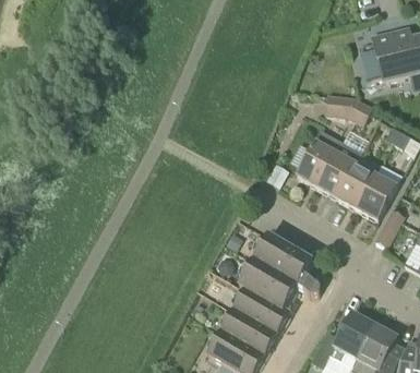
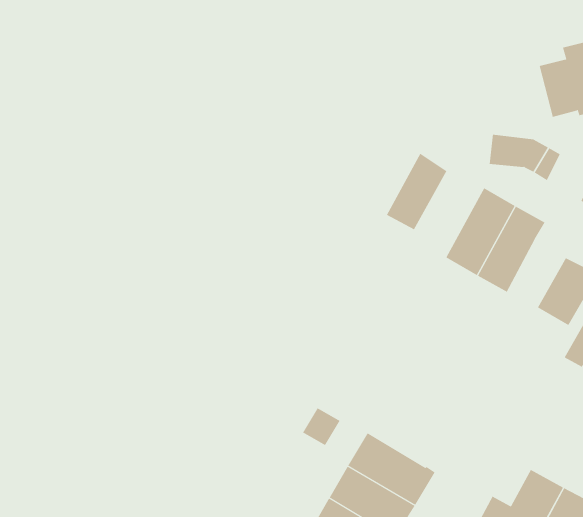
building: none -> [386,153,447,230]
building: [337,161,375,206] -> none
building: [239,236,320,311] -> none

